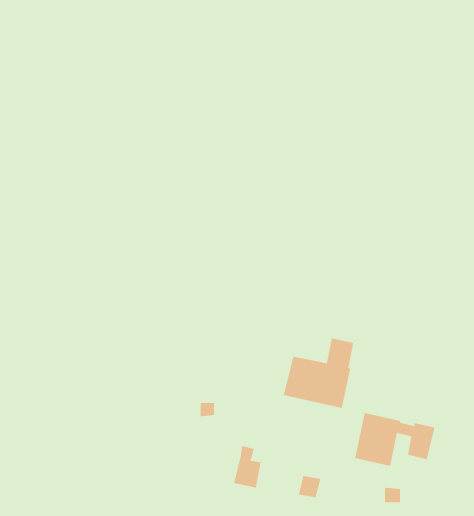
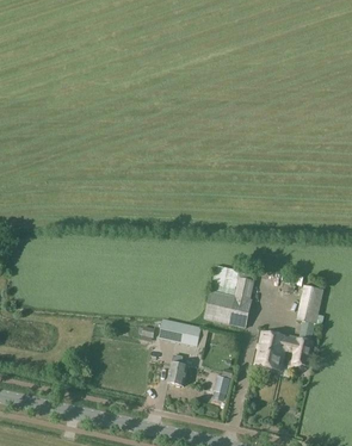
building: none -> [297,285,325,323]
building: none -> [160,318,209,348]

